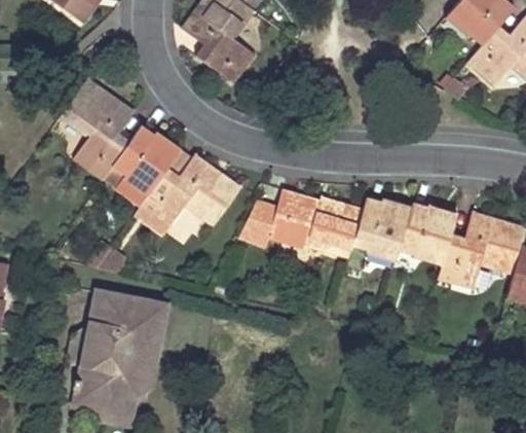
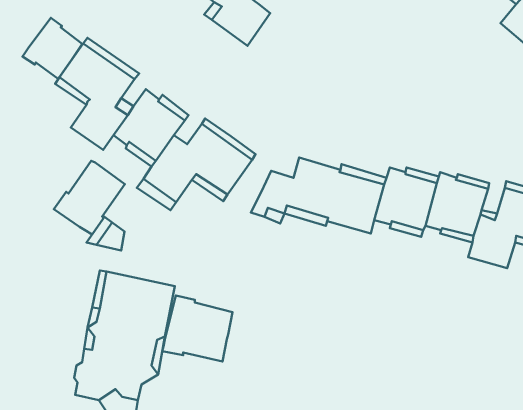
building: none -> [22,18,82,79]
building: none -> [54,161,125,235]
building: none -> [162,296,232,362]

